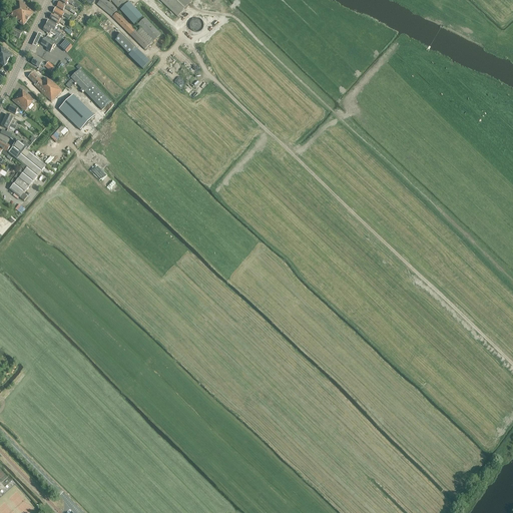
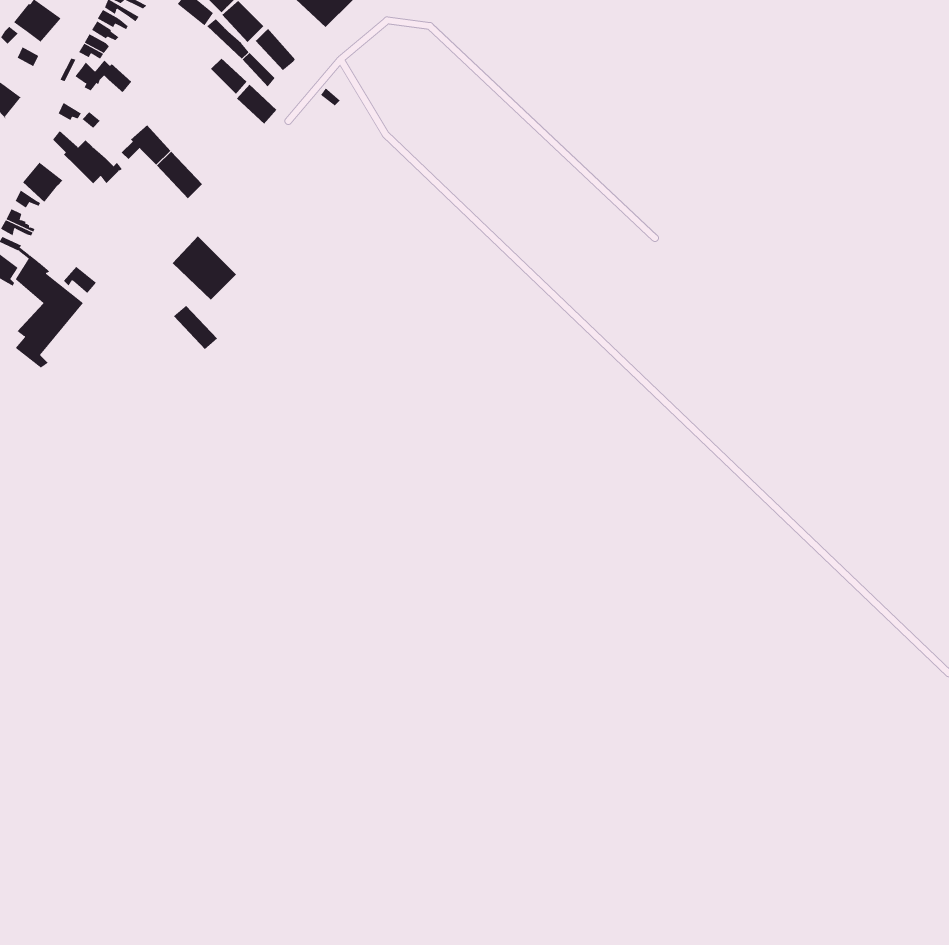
building: [58,92,93,127] -> [172,235,237,300]

